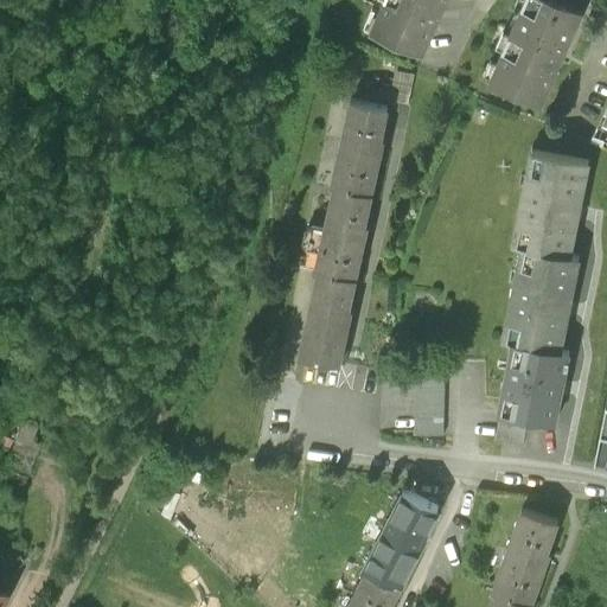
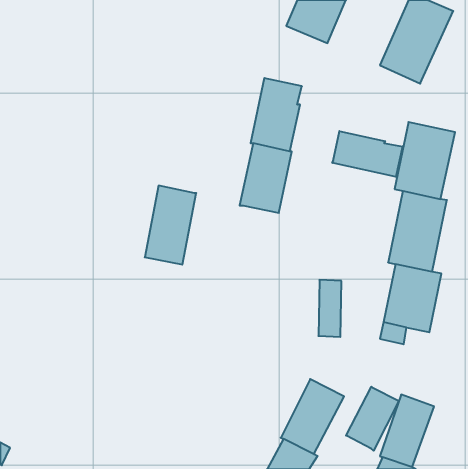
building: none -> [332,131,402,177]
building: [298,266,364,368] -> [145,186,196,265]
building: none -> [346,387,399,451]

